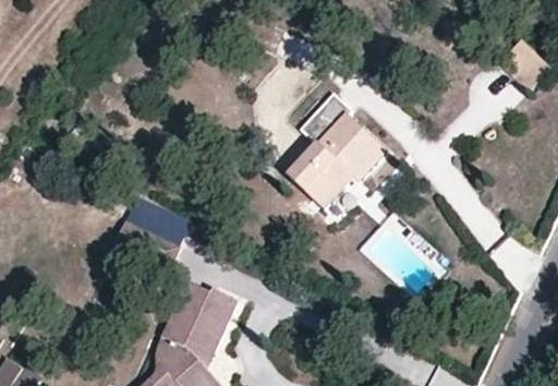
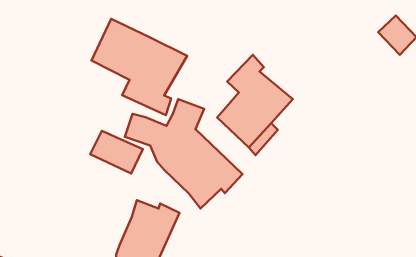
building: none -> [91,19,187,115]
building: none -> [125,99,242,209]

